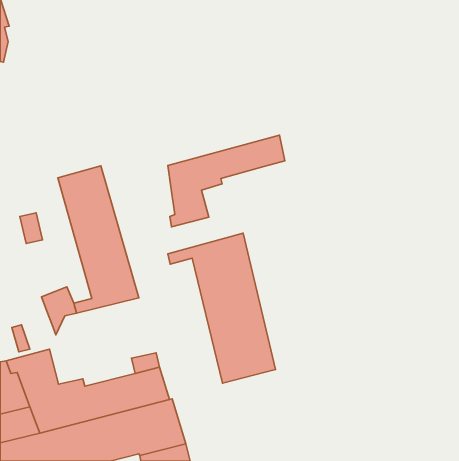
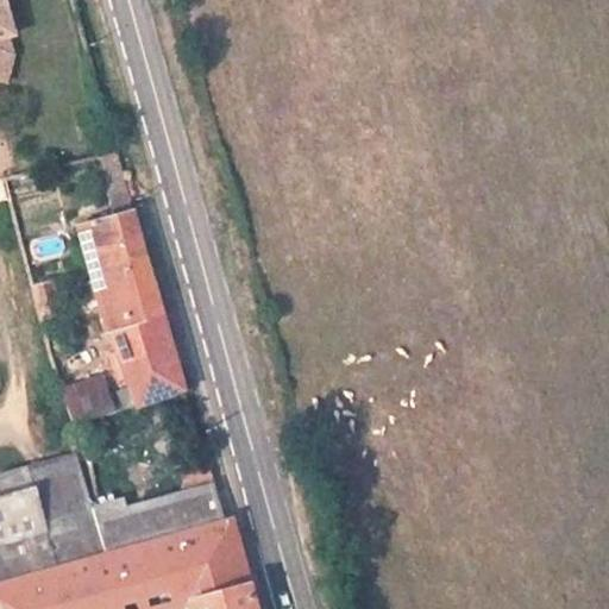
building: [168,135,285,227] -> none
building: [168,233,275,383] -> none

